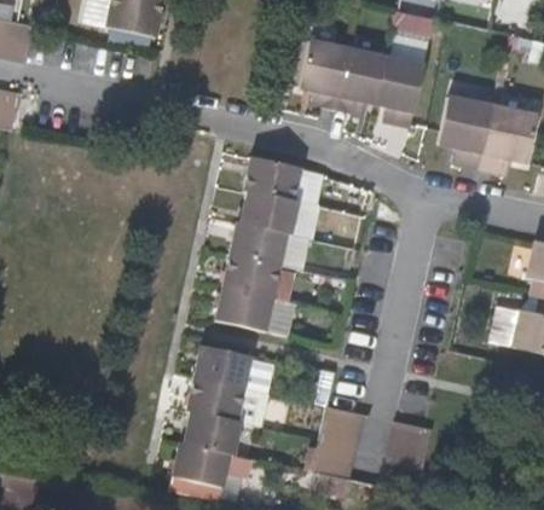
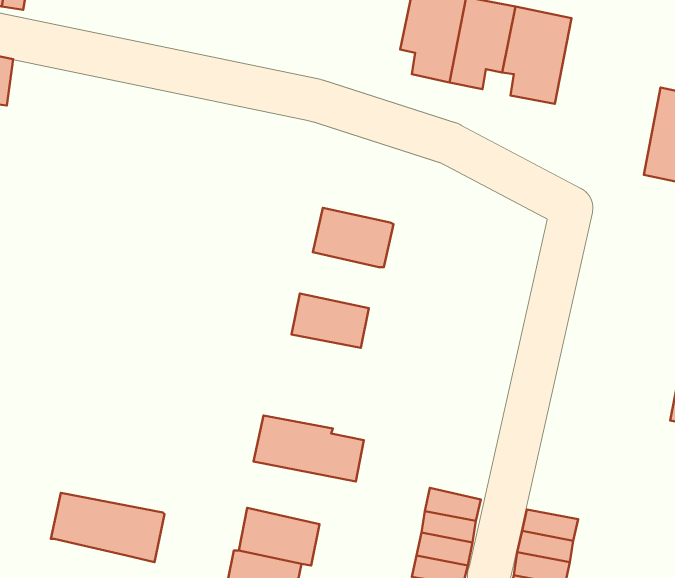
building: [440,104,493,176] -> none
building: [243,168,301,211] -> none
building: [228,232,287,274] -> none
building: [215,294,273,338] -> none
building: [187,387,271,437] -> [51,493,164,562]

